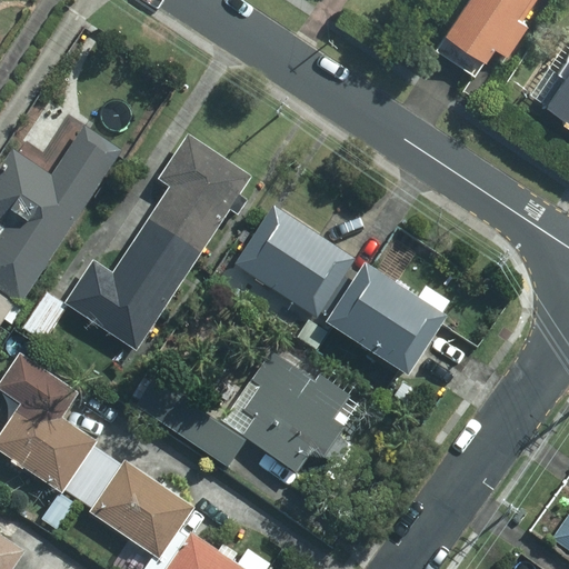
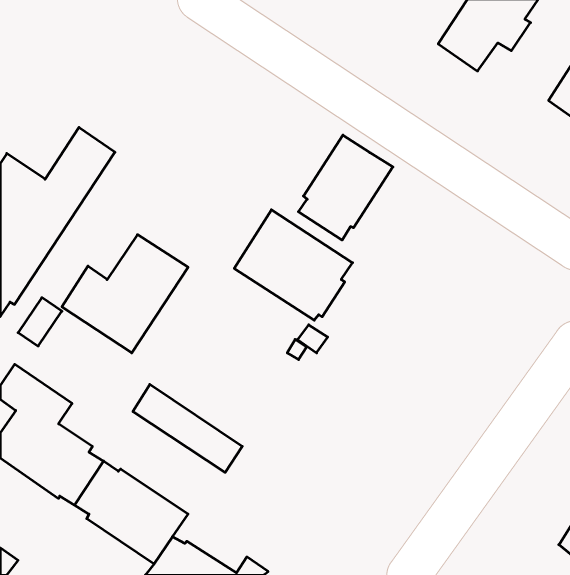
building: none -> [298,135,393,240]
building: [141,137,249,263] -> none
building: [323,266,445,373] -> none
building: [224,352,348,471] -> none

